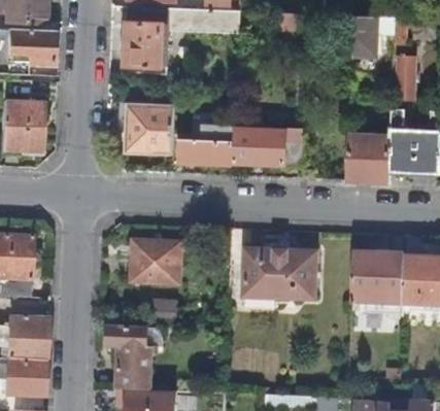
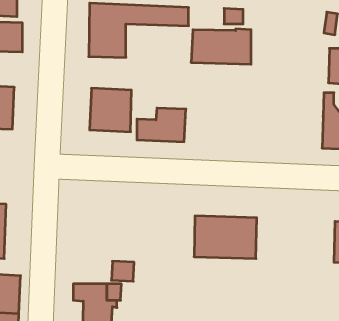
building: [351,16,376,57] -> none
building: [233,127,301,167] -> [191,29,251,64]
building: [346,129,391,182] -> none
building: [131,240,180,283] -> none
building: [350,254,404,312] -> none

